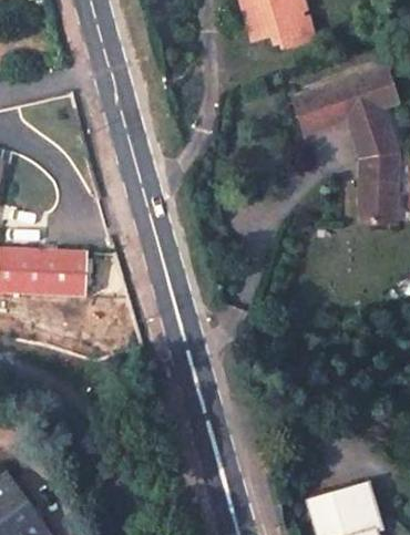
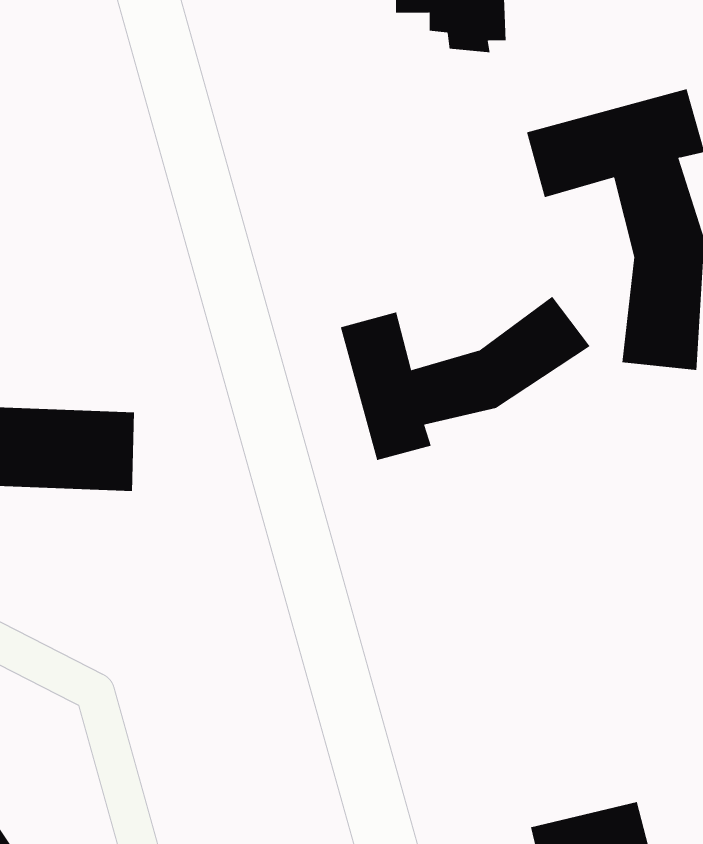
building: none -> [340,296,590,461]

